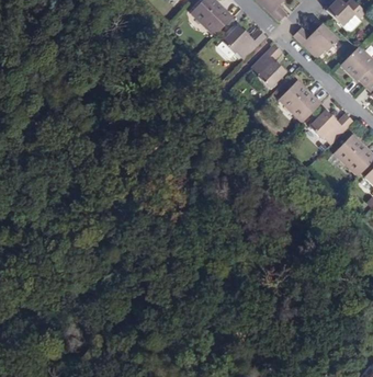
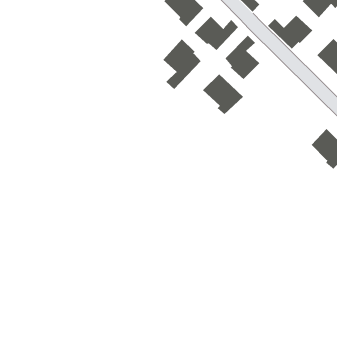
building: none -> [162,38,201,90]
building: [280,81,320,122] -> [202,73,244,115]
building: [308,110,353,145] -> none

